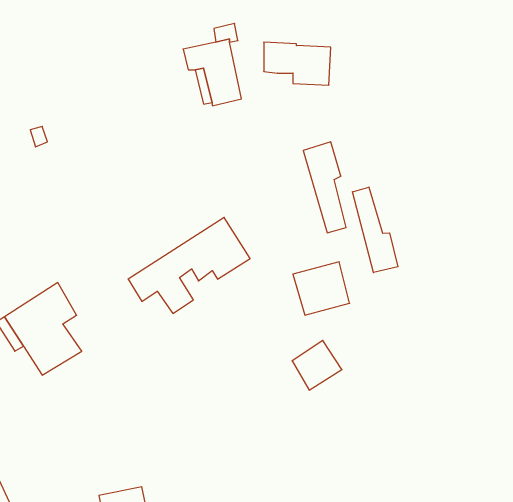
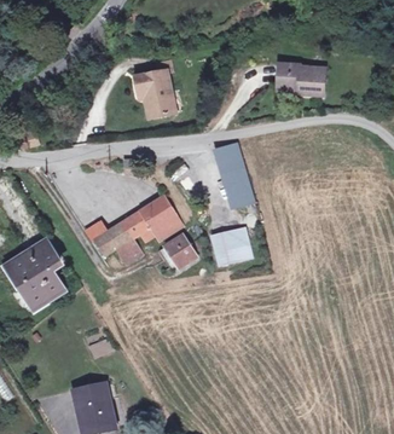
building: [264,42,331,85] -> [277,63,324,93]
building: [352,187,398,273] -> none
building: [292,340,342,390] -> [158,235,193,270]

